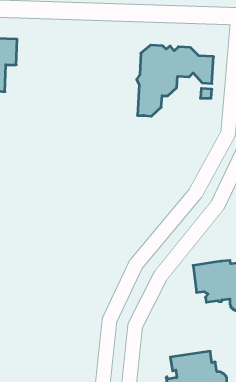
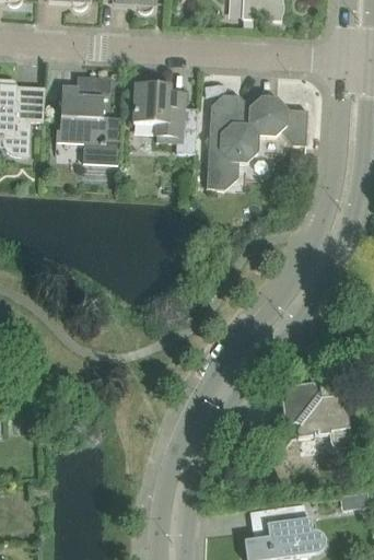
building: none -> [59,78,120,163]
building: none -> [132,83,197,153]

